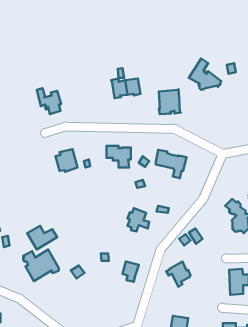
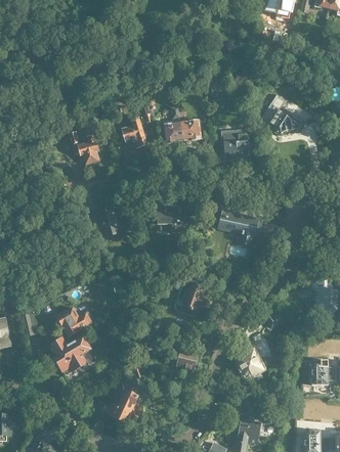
building: none -> [122,118,147,147]
building: none -> [107,390,143,425]

